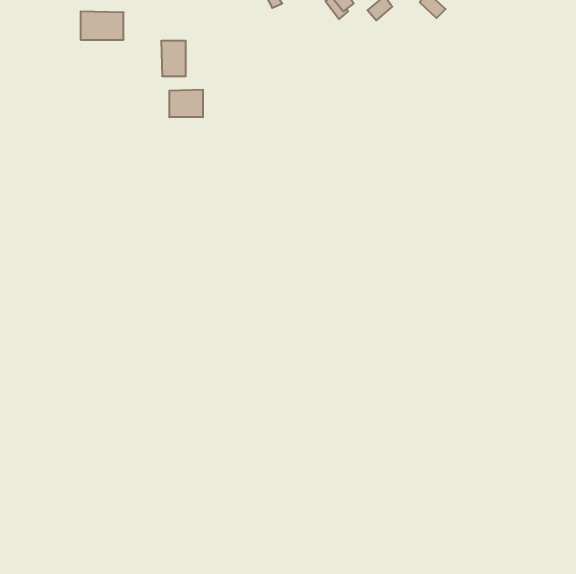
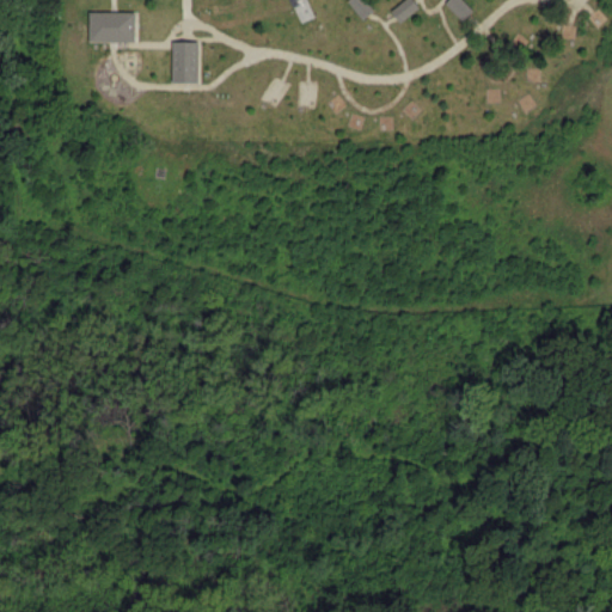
building: [169,90,203,117] -> none

